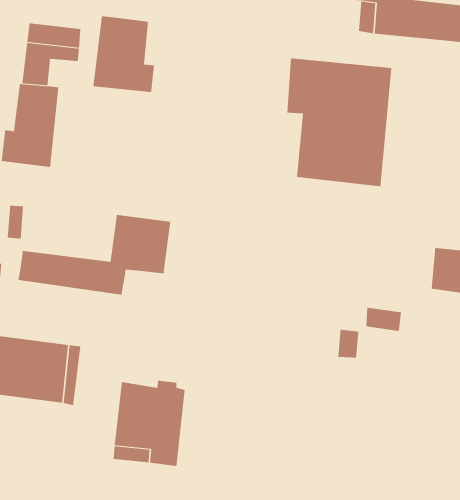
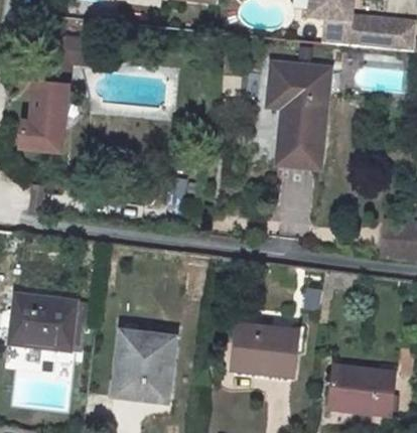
building: [93,15,155,93] -> none
building: [18,214,171,295] -> none
building: none -> [234,323,298,376]
building: none -> [329,366,395,414]

